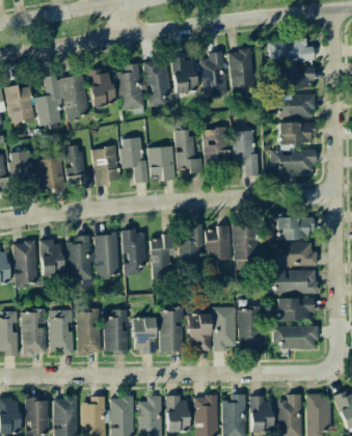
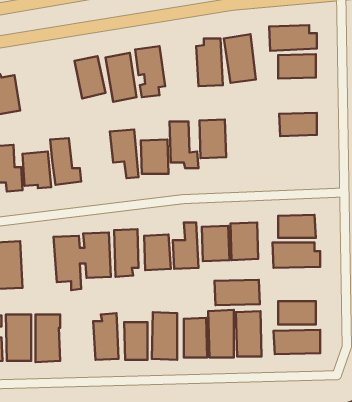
building: [173,58,195,93] -> none
building: [35,75,89,126] -> none
building: [277,94,314,117] -> none
building: [233,131,256,175] -> none
building: [270,145,315,173] -> none
building: [92,147,118,186] -> none
building: [39,240,64,277] -> none
building: [274,270,317,294] -> [214,280,260,305]
building: [77,309,101,354] -> none

